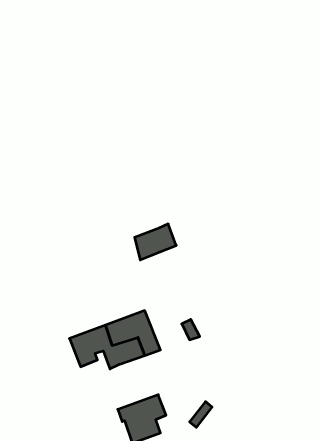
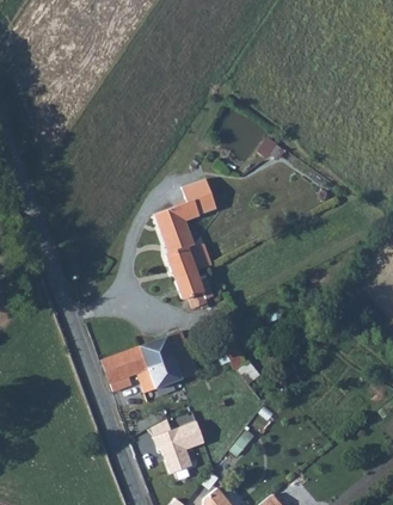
building: none -> [154,180,217,257]
building: none -> [176,272,210,309]

